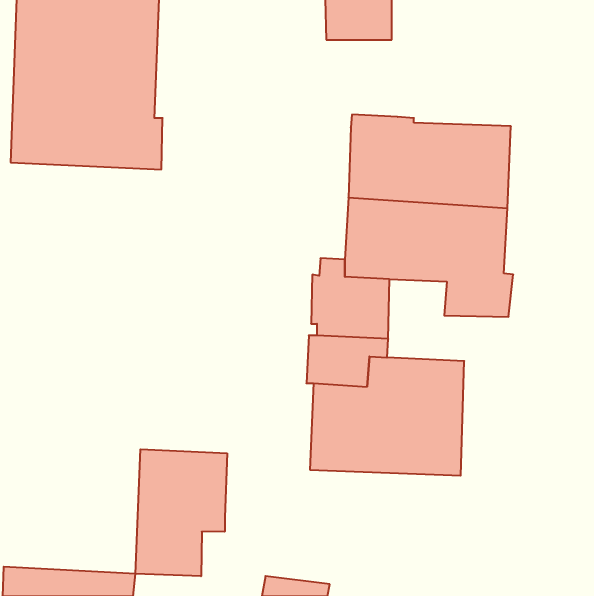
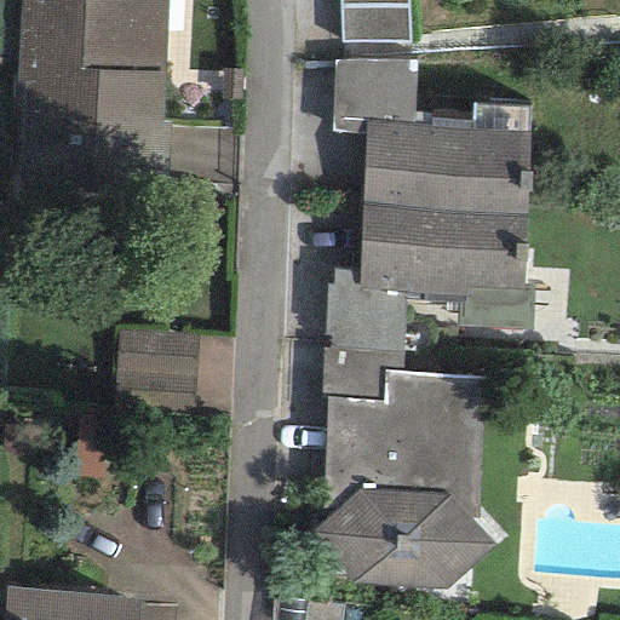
building: none -> [333,58,418,132]
building: [136,449,227,576] -> none
building: none -> [314,487,498,590]

